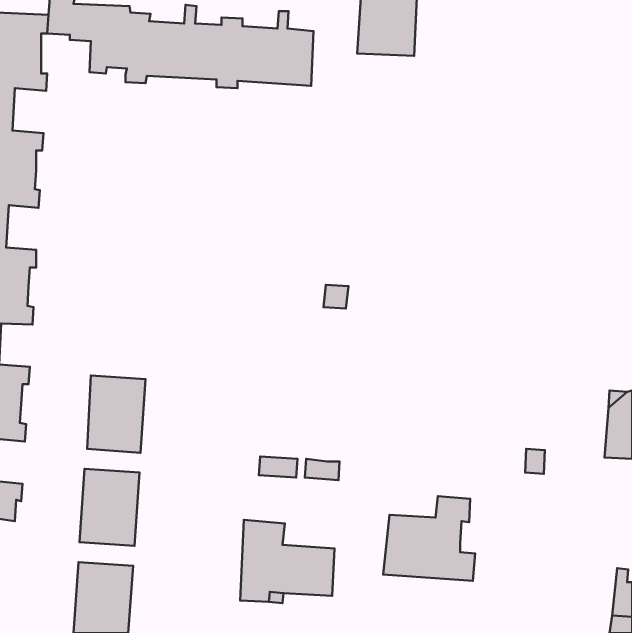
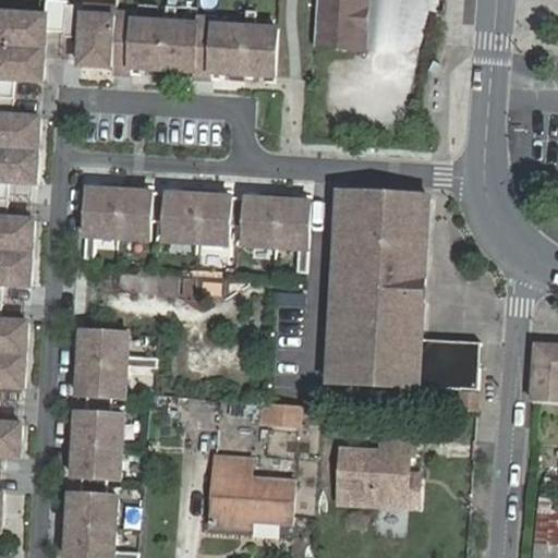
building: none -> [84,187,150,239]
building: none -> [335,191,478,389]
building: none -> [162,192,230,244]
building: none -> [242,196,310,248]

